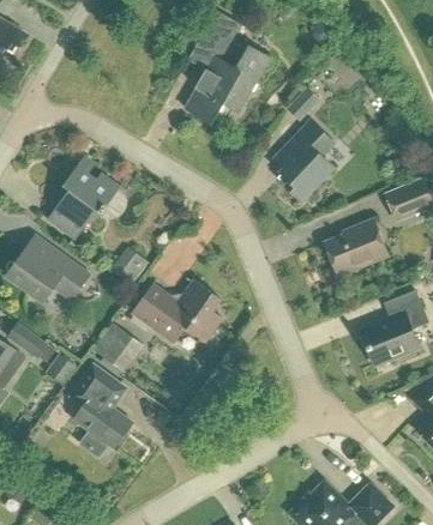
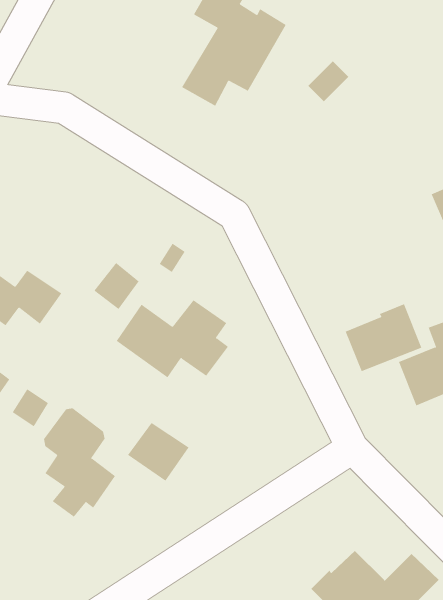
building: [278,121,333,199] -> none
building: [47,165,121,239] -> none
building: [325,219,387,274] -> [345,303,422,372]
building: [94,324,144,372] -> [127,422,190,482]

